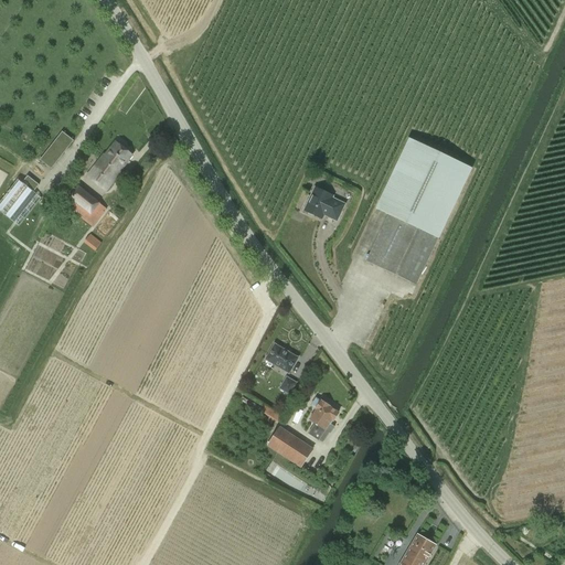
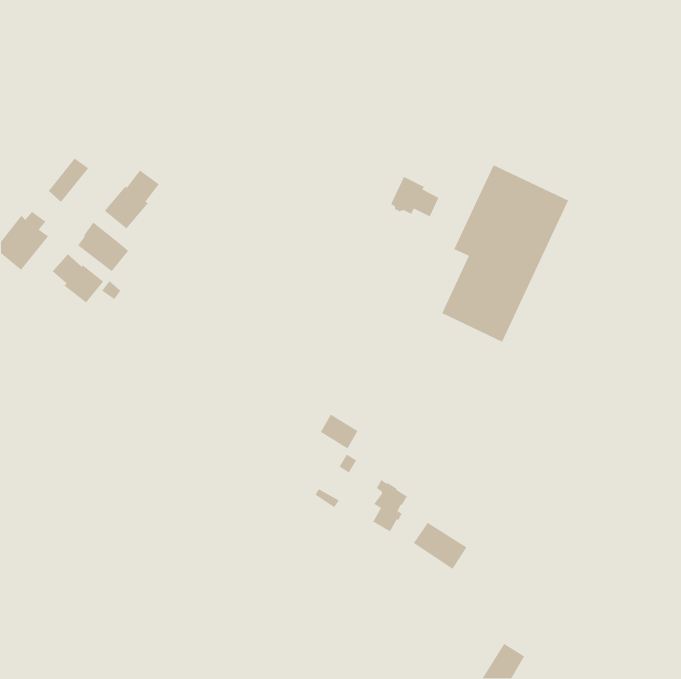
building: [303,185,344,220] -> [390,176,440,217]
building: none -> [52,254,104,304]
building: [268,426,313,466] -> [413,522,467,570]

